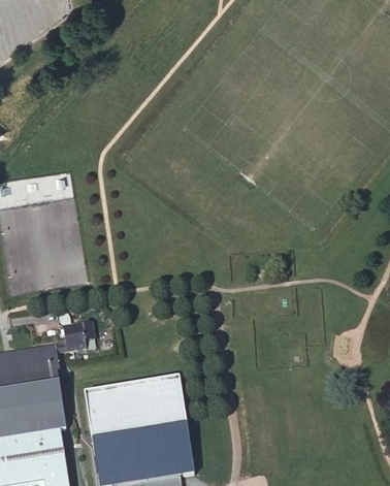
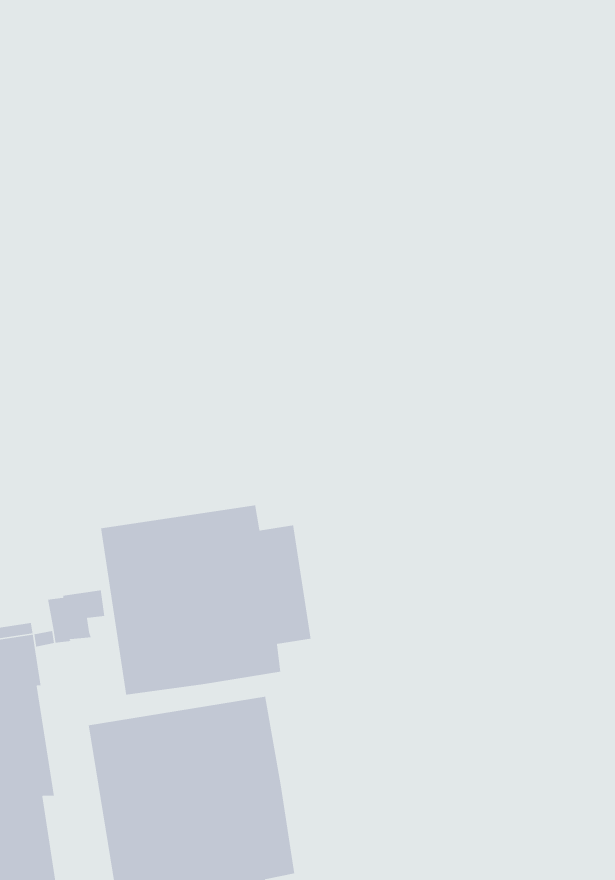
building: none -> [100,505,312,696]

